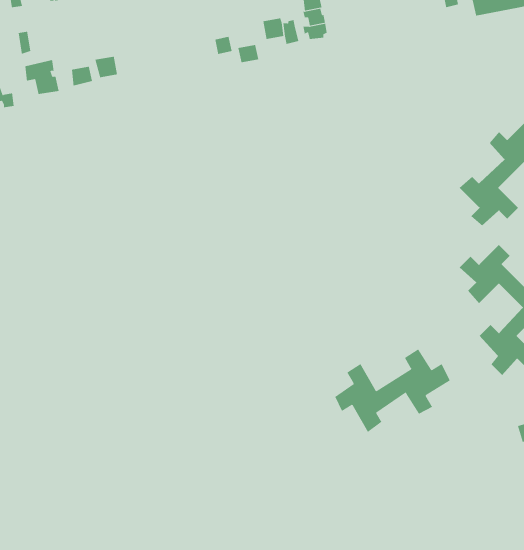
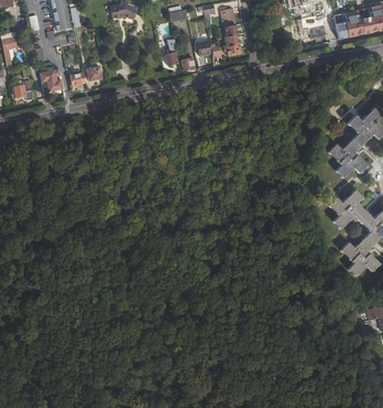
building: [334,349,450,433] -> none

